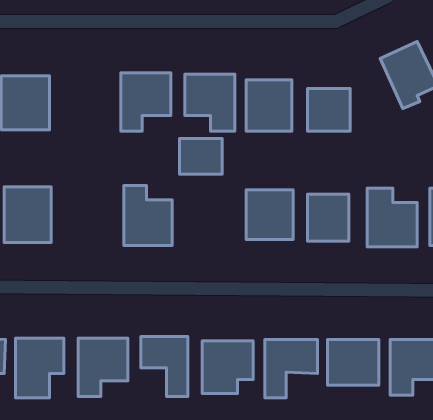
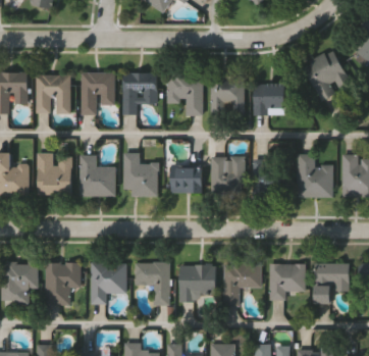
building: none -> [82,71,115,114]
building: [180,139,222,174] -> [171,166,202,192]
building: none -> [80,155,115,196]

